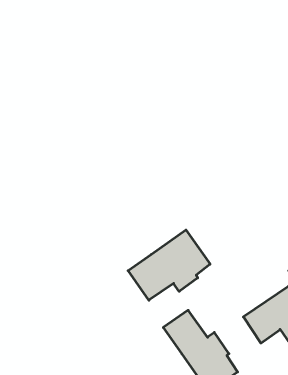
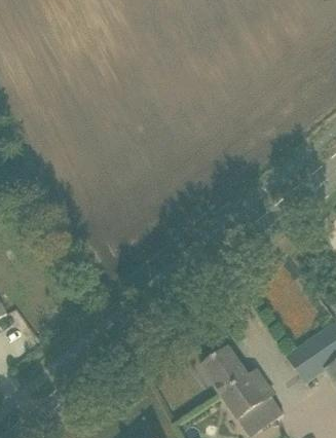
building: [128,230,210,300] -> none

